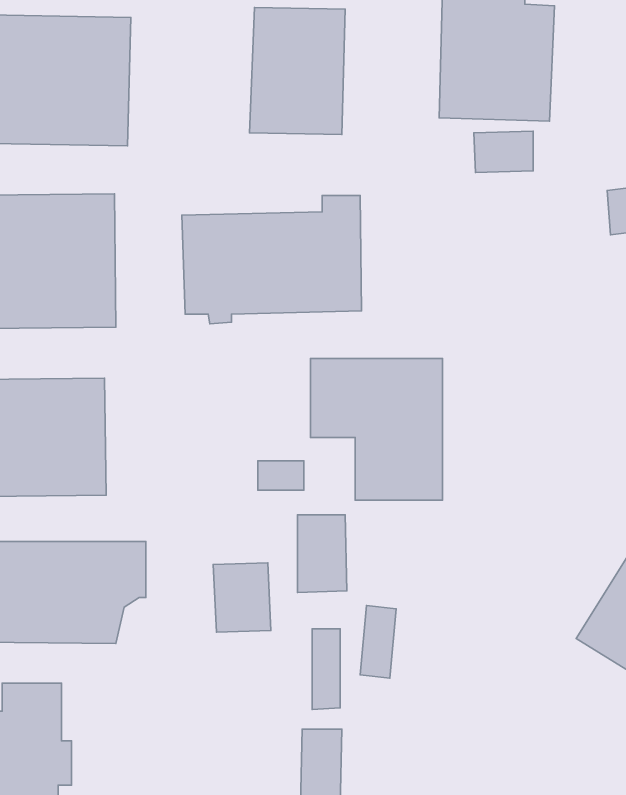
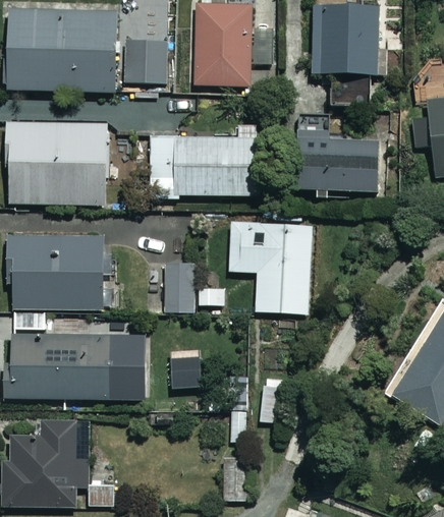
building: none -> [122,42,167,82]
building: none -> [297,115,377,189]
building: [297,515,347,592] -> [162,263,192,310]

